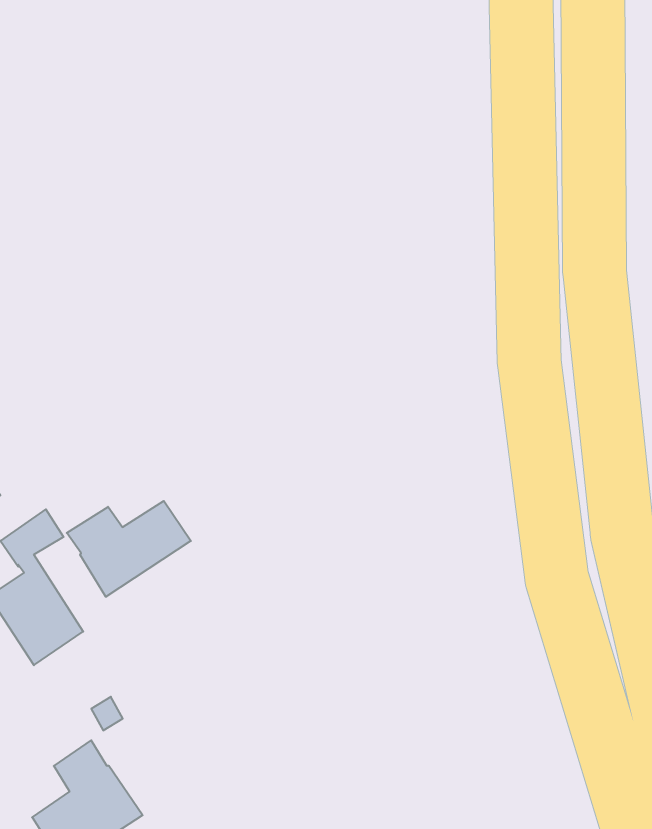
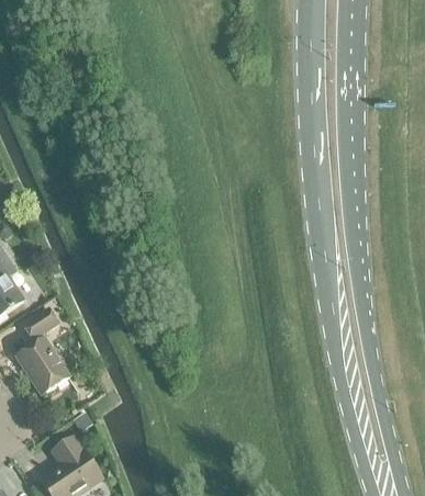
building: [67,501,191,597] -> none

